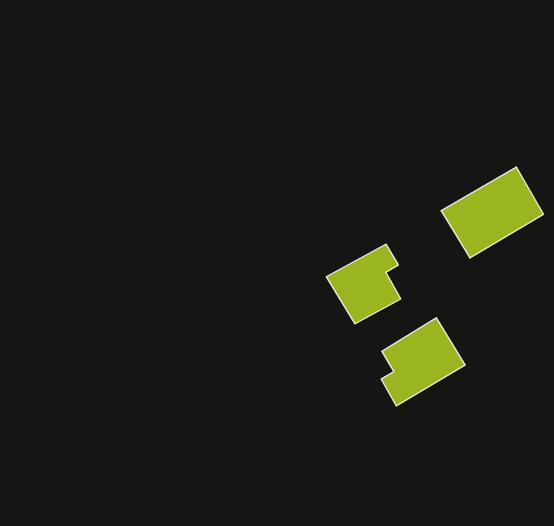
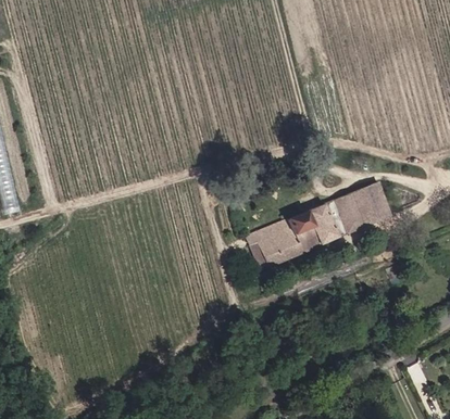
building: [381,318,465,406] -> [282,204,336,255]

